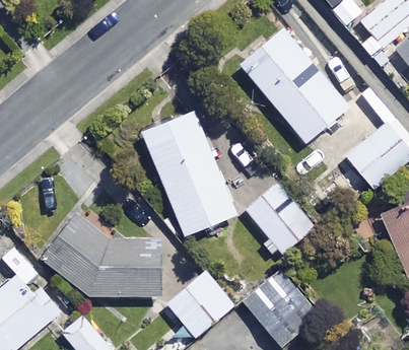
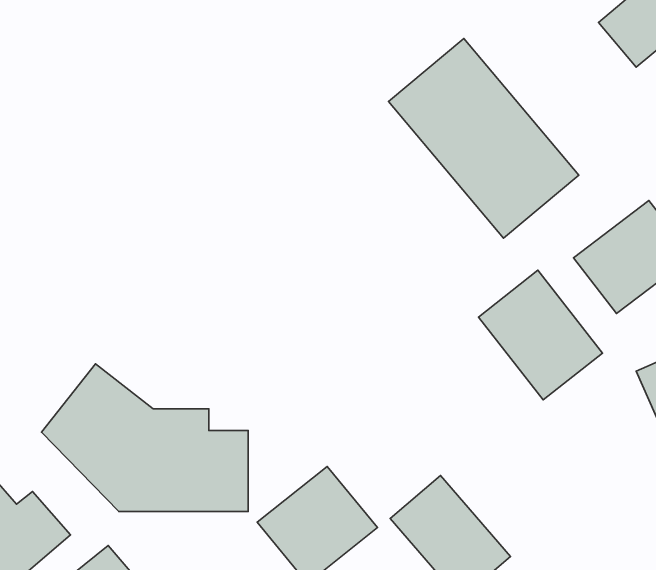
building: [143,112,236,235] -> none
building: [245,181,315,254] -> [479,270,602,400]

